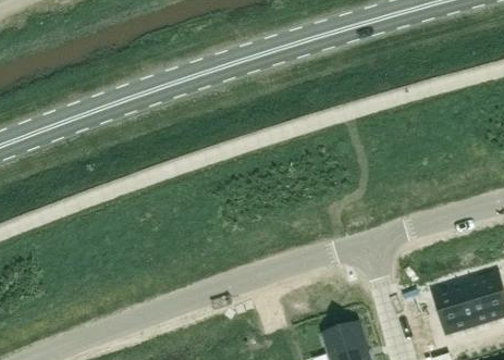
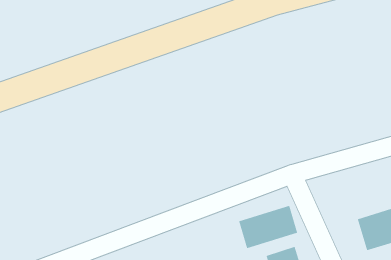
building: none -> [238,205,298,249]

